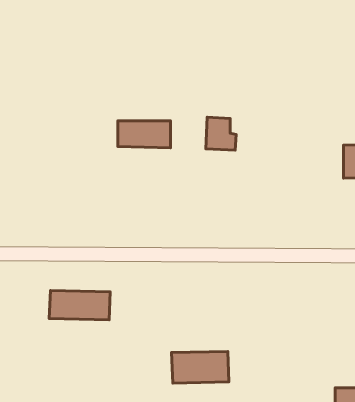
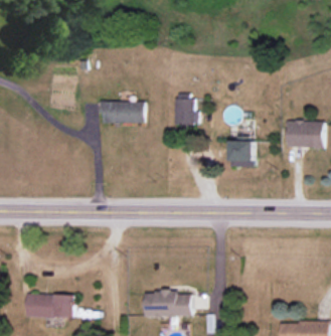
building: none -> [228,140,254,167]
building: [49,291,110,320] -> [24,294,74,318]

